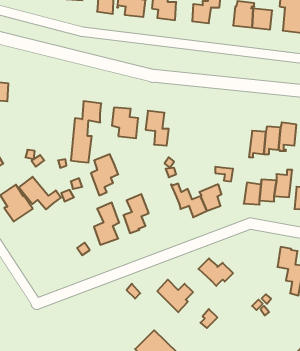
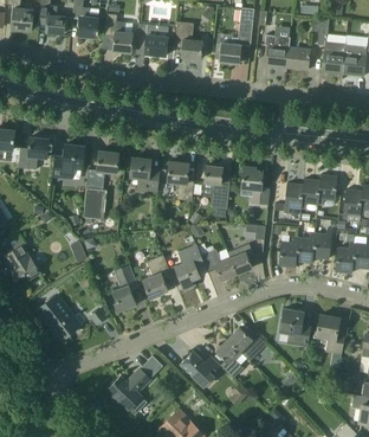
building: none -> [19,136,48,169]
building: none -> [52,143,85,179]
building: none -> [203,165,229,218]
building: none -> [241,167,270,205]
building: [91,154,118,195] -> [175,244,206,290]
building: [19,177,61,209] -> [38,297,85,334]
building: none -> [279,308,311,347]
building: none -> [216,339,242,378]
building: none -> [108,368,150,409]

